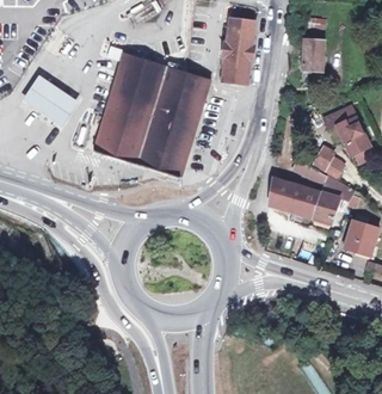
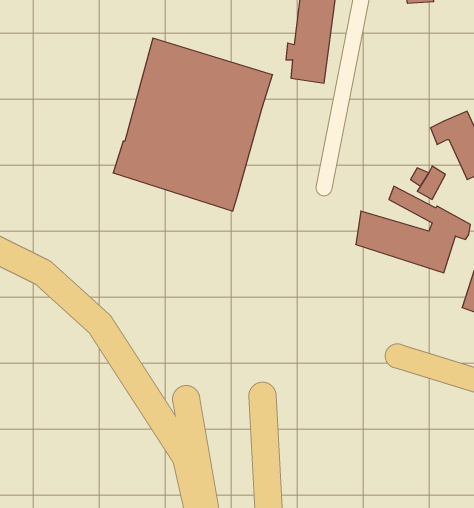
building: [300,37,325,80] -> none
building: [21,76,76,128] -> none

